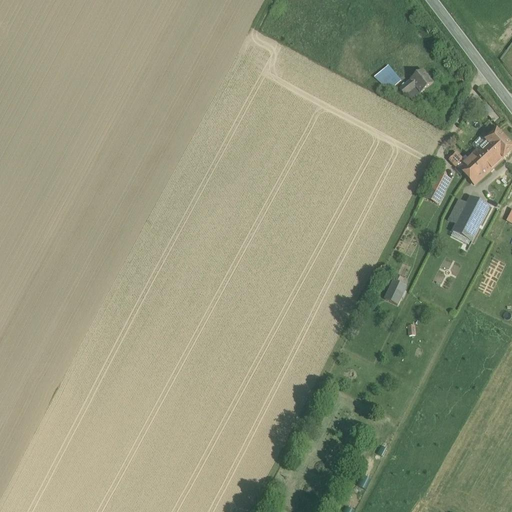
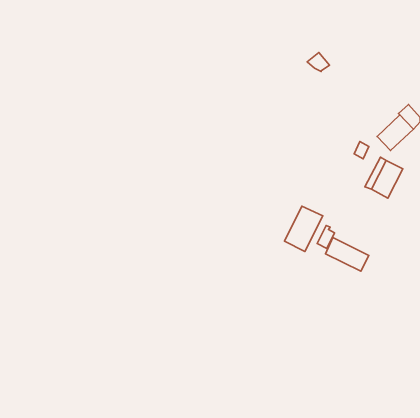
building: [398,68,432,98] -> none
building: none -> [285,206,323,251]
building: none -> [326,237,369,271]

